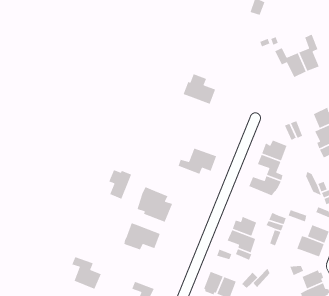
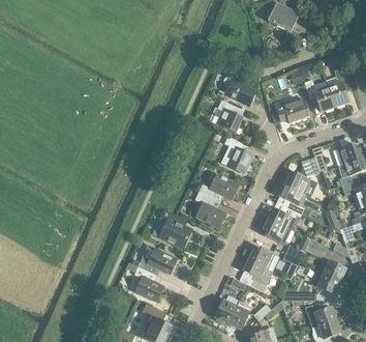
building: none -> [216,77,256,106]
building: none -> [275,98,309,123]
building: none -> [221,136,253,173]
building: none -> [194,192,225,228]
building: [108,169,132,200] -> none
building: none -> [263,218,291,245]
building: [71,256,102,290] -> [134,266,164,302]

